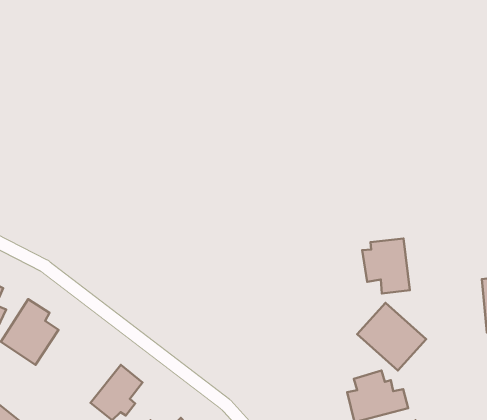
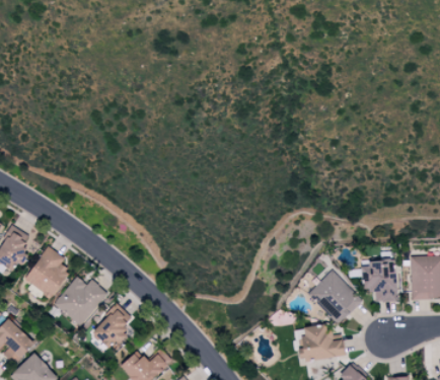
building: [362,238,410,293] -> [361,259,396,302]
building: none -> [53,277,107,326]

